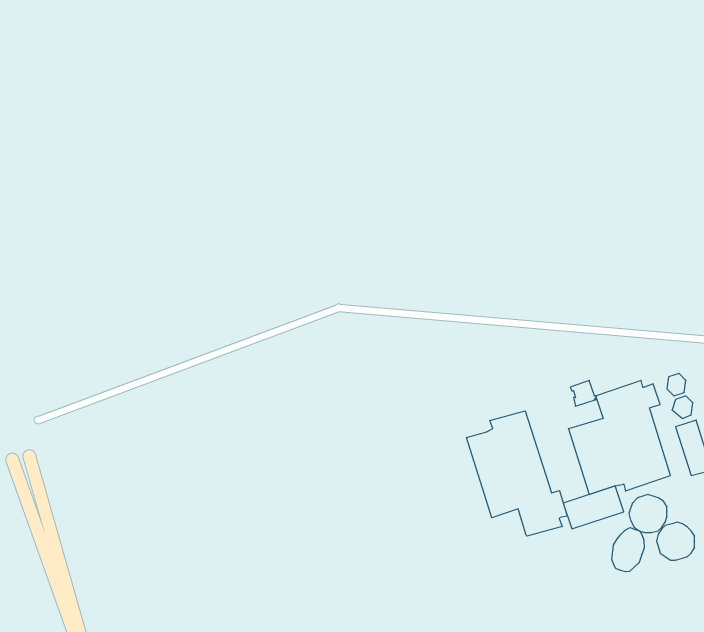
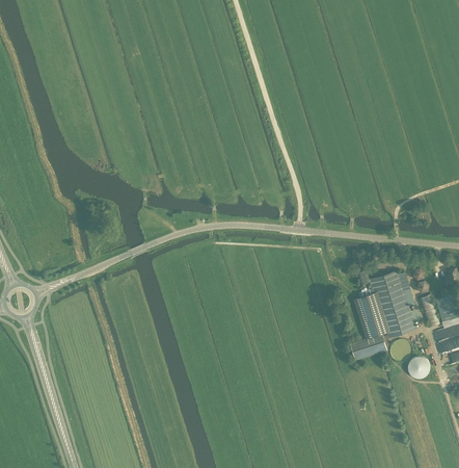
building: [467,411,567,536] -> none
building: [612,528,644,572] -> none

